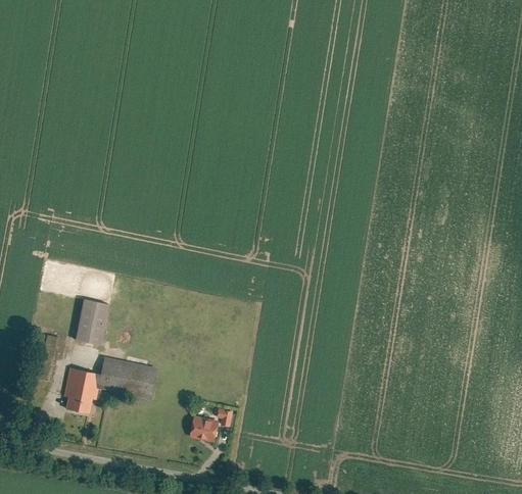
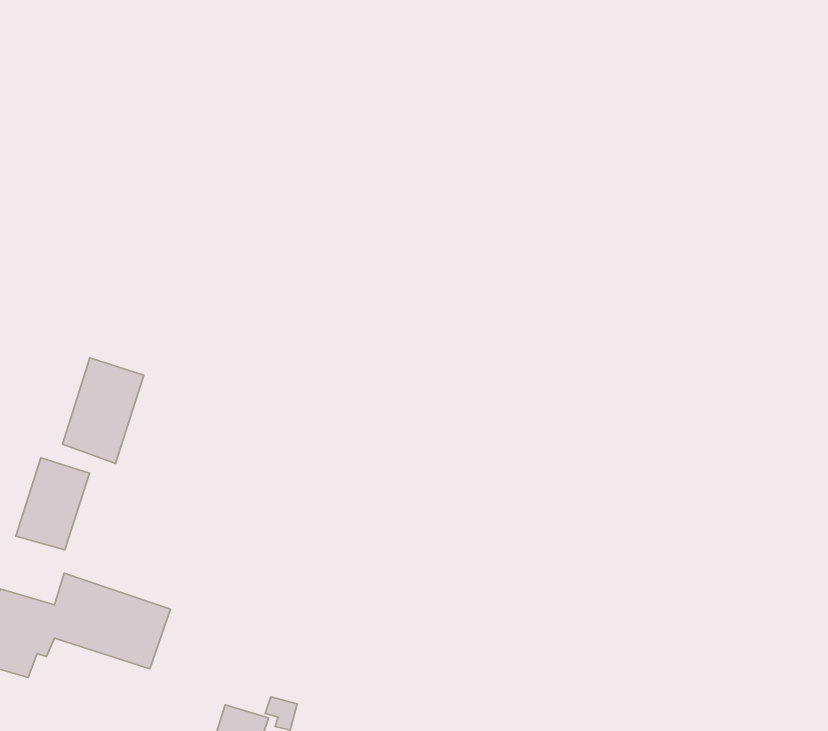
building: none -> [62,358,144,463]

